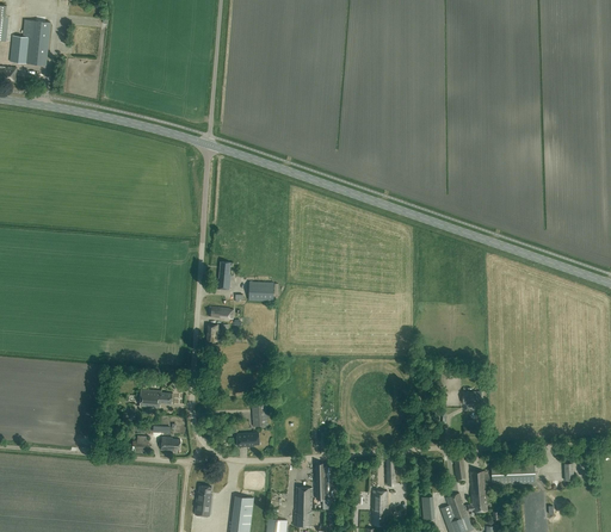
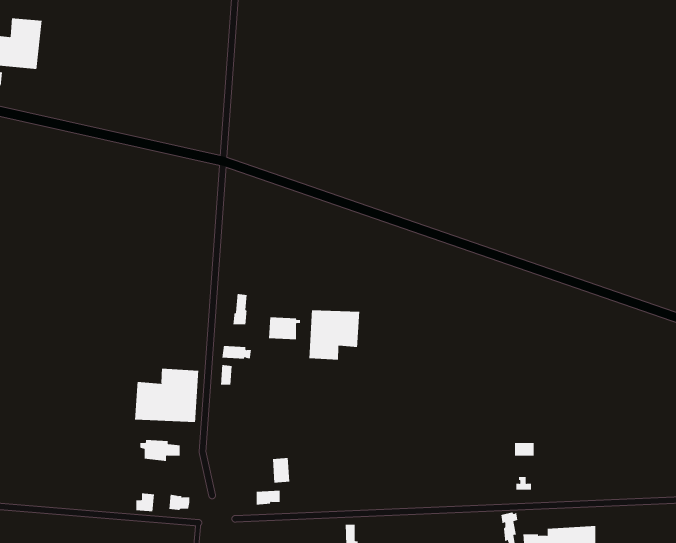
building: none -> [309,310,360,360]
building: none -> [135,368,199,423]

